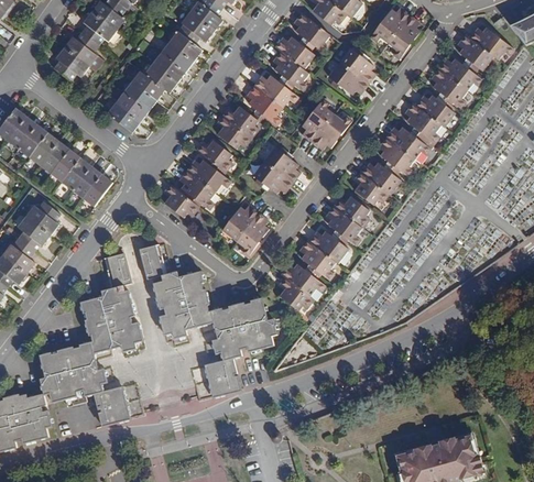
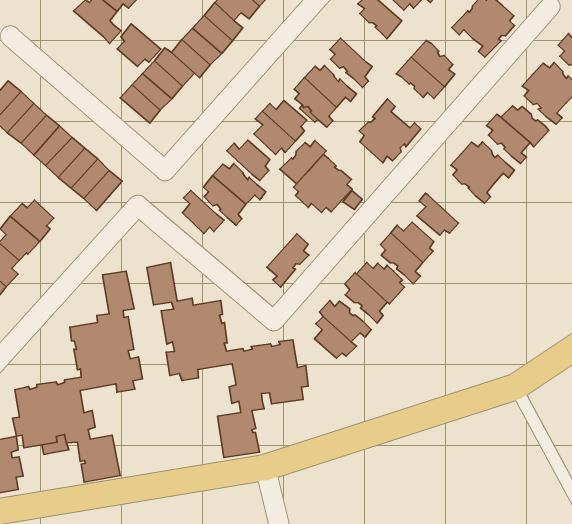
building: [275,36,314,69] -> none
building: [54,46,89,80] -> [117,24,161,67]
building: [361,162,401,195] -> none
building: [221,205,258,241] -> [280,140,326,184]

